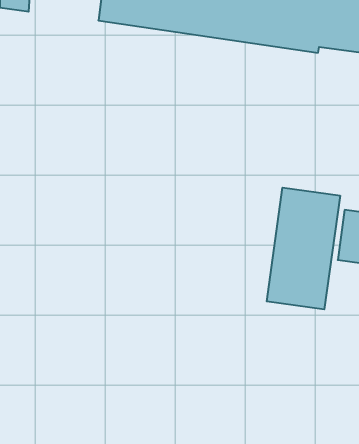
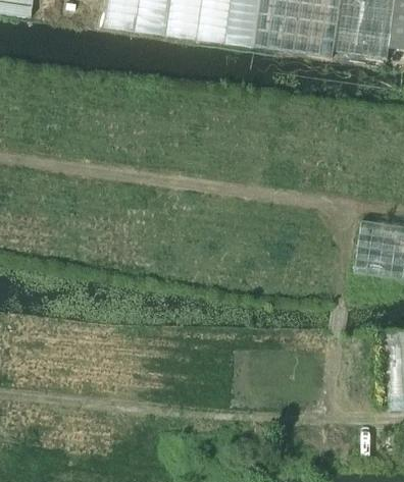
building: [267,188,340,309] -> none

